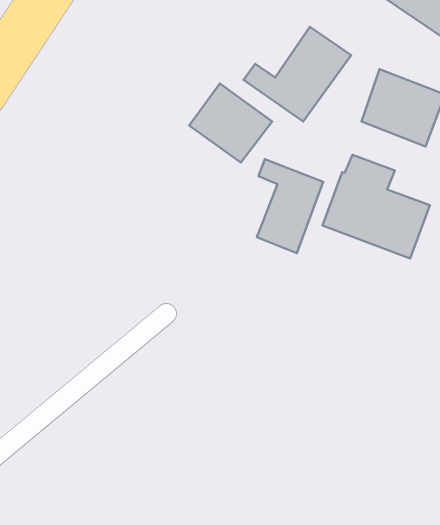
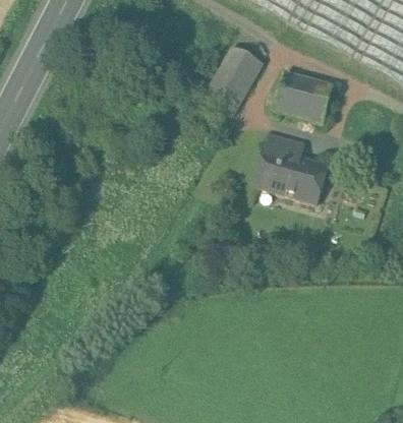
building: [189,84,272,162] -> none
building: [257,159,323,253] -> none

